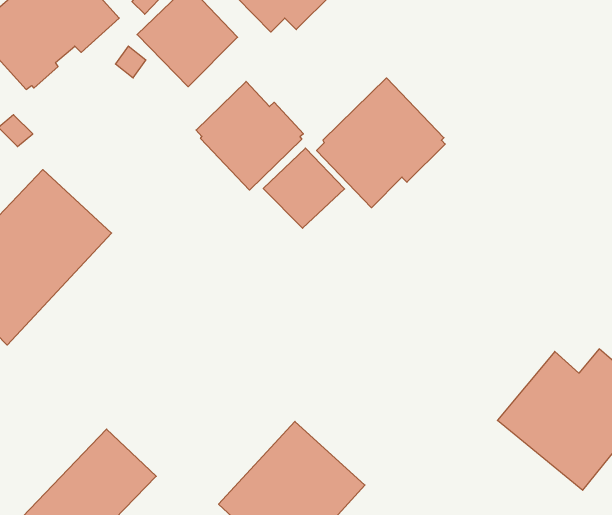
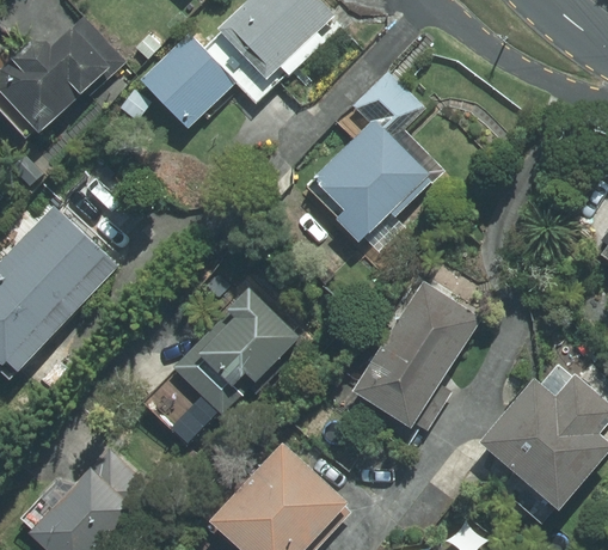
building: [196,81,303,190] -> none
building: [263,148,345,228] -> none
building: none -> [351,280,479,430]
building: none -> [140,285,297,446]

